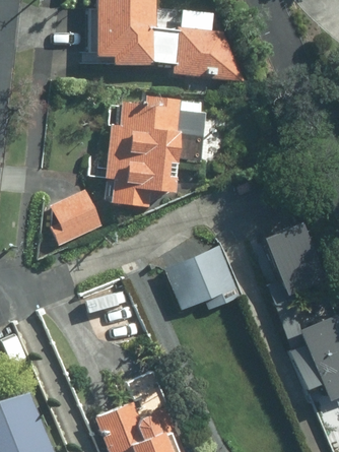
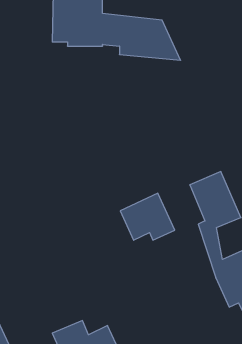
building: [106,96,206,212] -> none
building: [53,193,104,247] -> none

